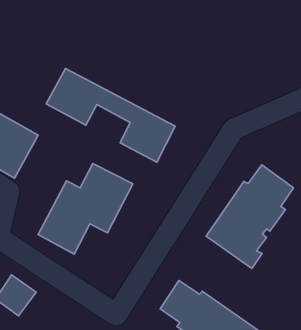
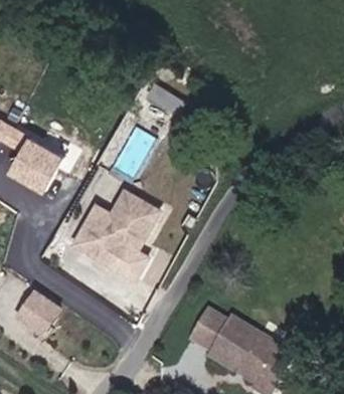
building: [46,68,175,162] -> none
building: [206,165,294,268] -> none

